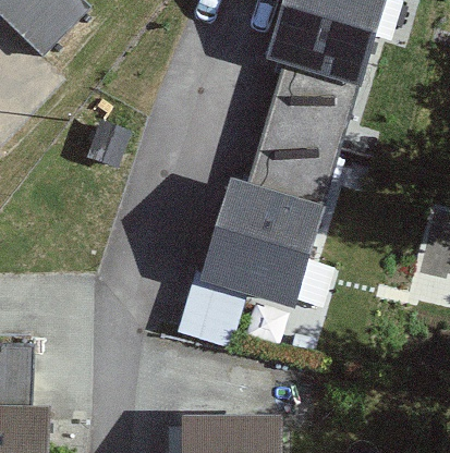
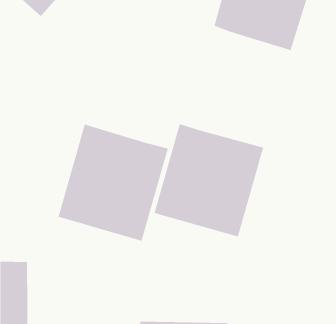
building: [245,71,353,206] -> none
building: none -> [57,124,169,242]

